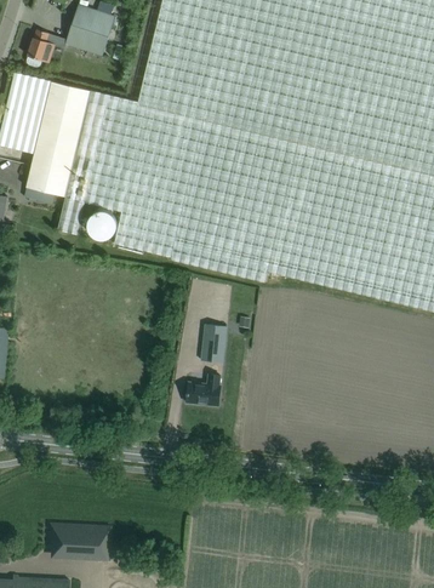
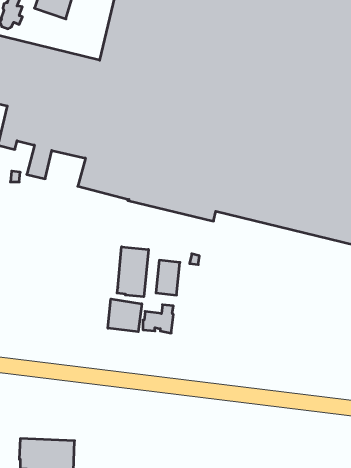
building: none -> [117,247,148,297]
building: none -> [108,299,142,332]

